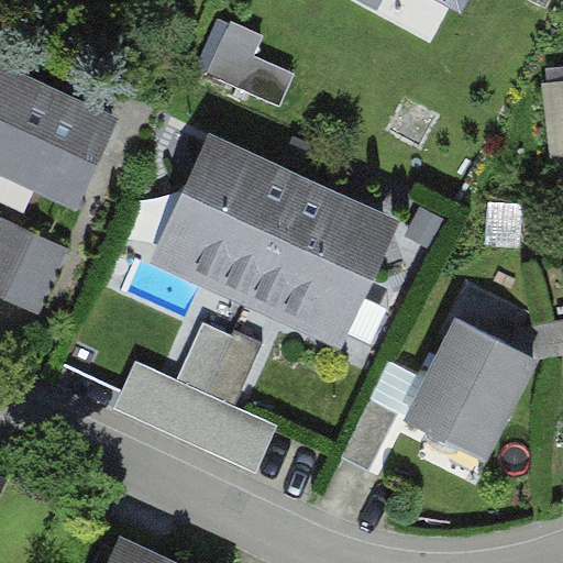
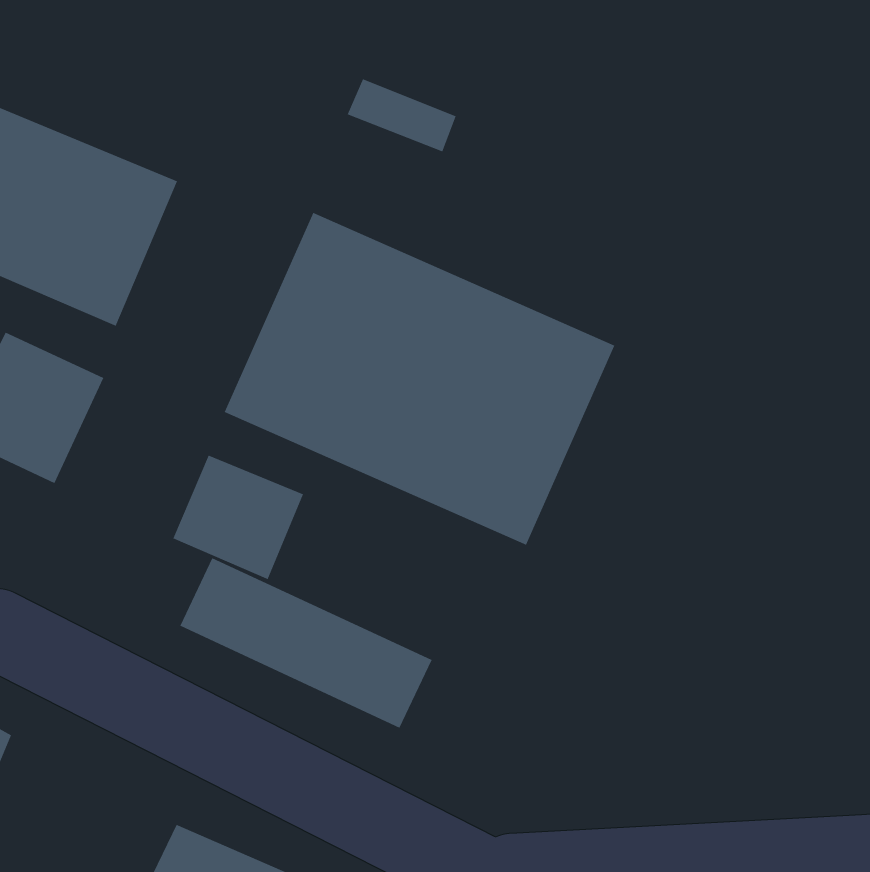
building: [408,309,537,450] -> none
building: [180,319,265,399] -> [172,455,304,580]

